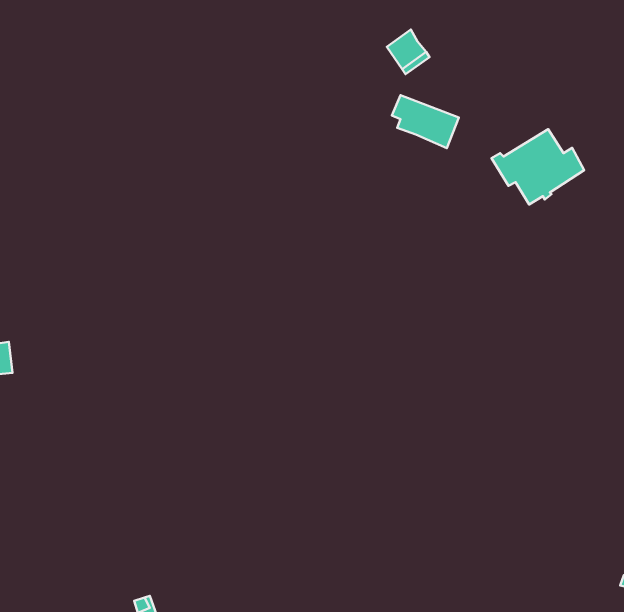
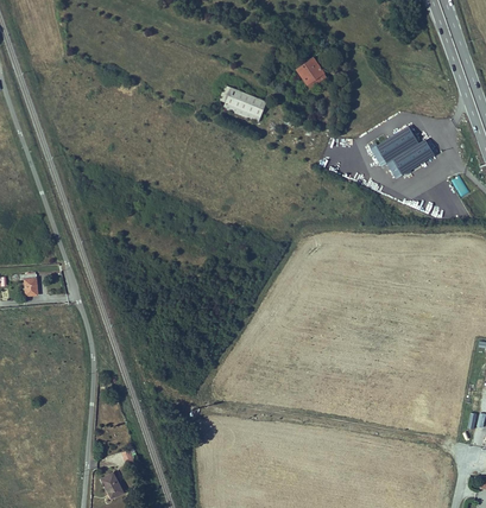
building: [392,95,459,148] -> [220,85,266,122]

